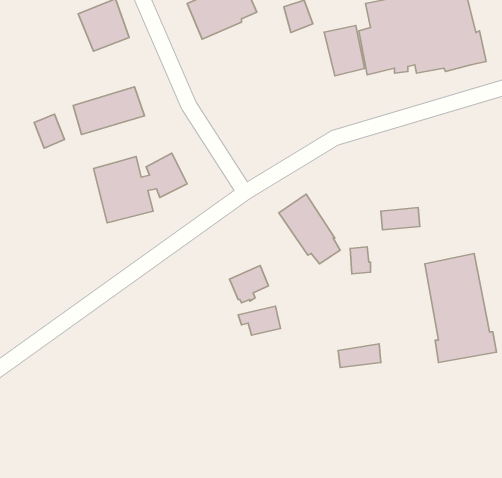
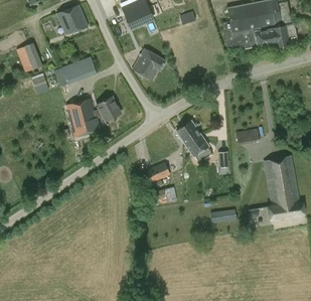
building: [324,26,365,76] -> none
building: none -> [17,43,43,72]
building: none -> [133,49,166,81]

